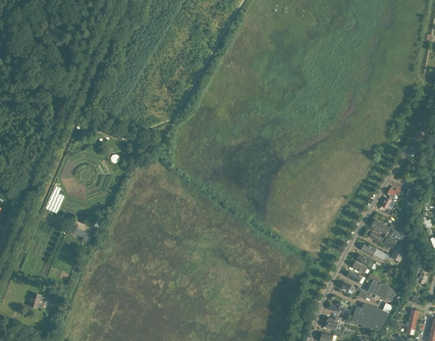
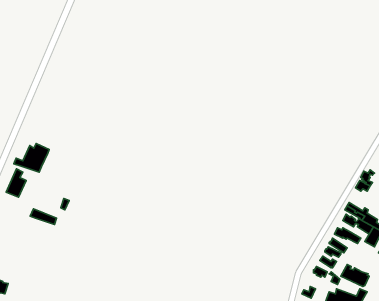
building: none -> [14,144,49,172]

